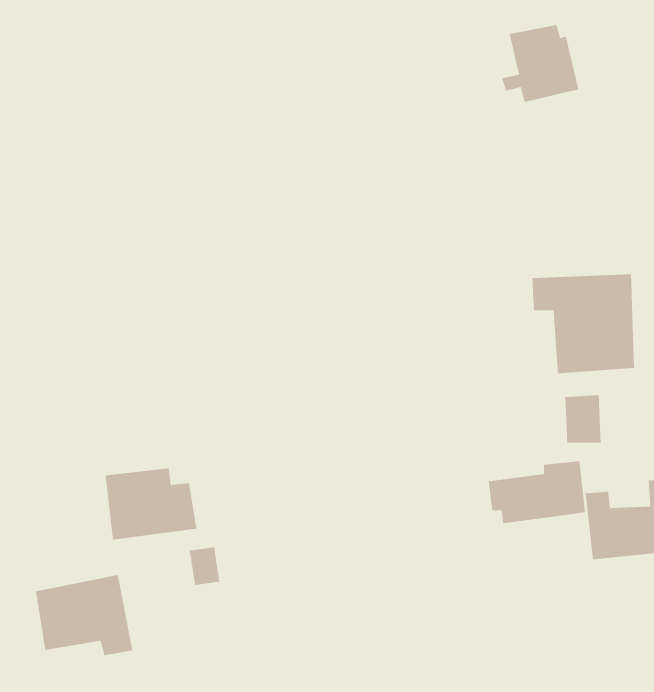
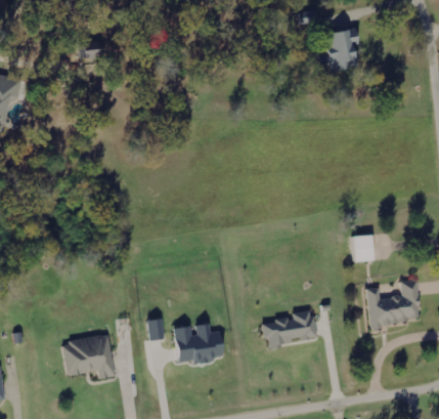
building: [532,274,635,374] -> none
building: [488,461,586,524] -> [261,310,315,345]
building: [105,468,197,540] -> [173,323,224,363]

